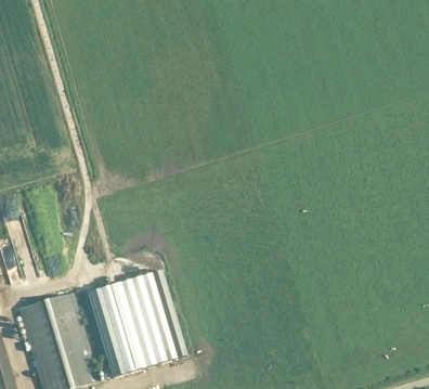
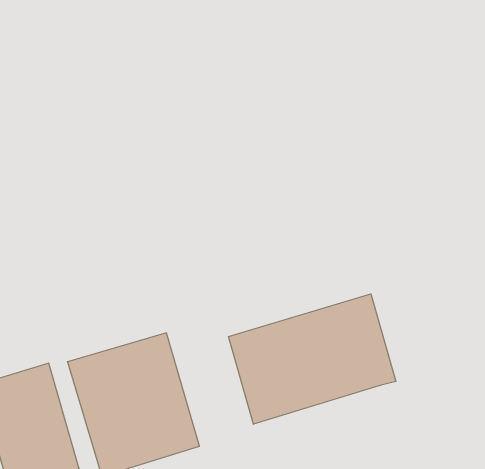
building: none -> [228,294,396,424]

